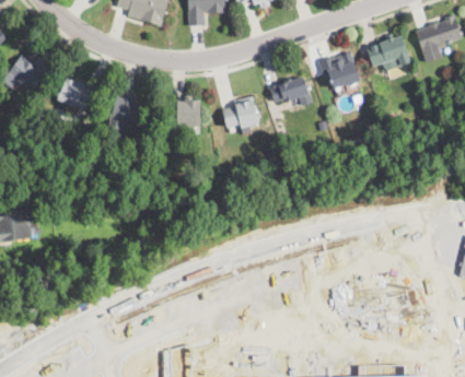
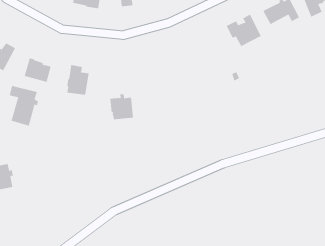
building: [270,79,311,104] -> none
building: [173,97,201,129] -> [109,94,134,120]
building: [224,102,260,130] -> none
building: none -> [9,85,39,126]

